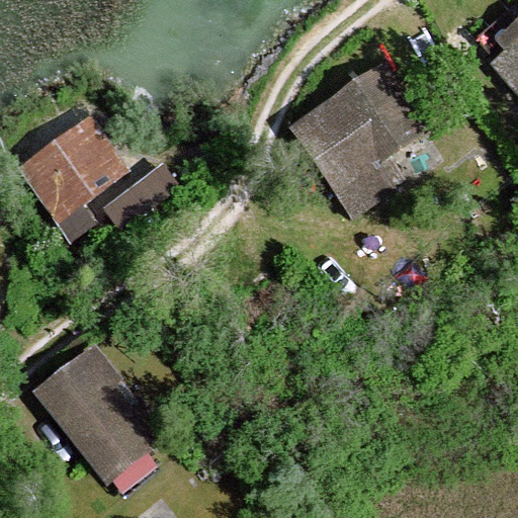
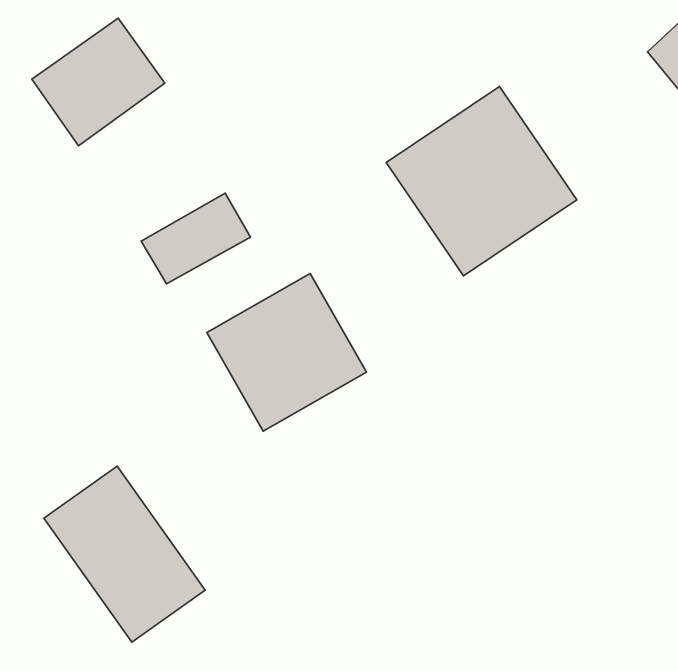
building: [19,119,120,217] -> [32,18,165,146]
building: none -> [207,274,366,431]

